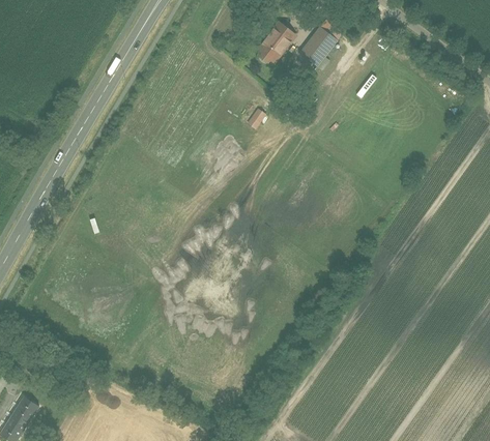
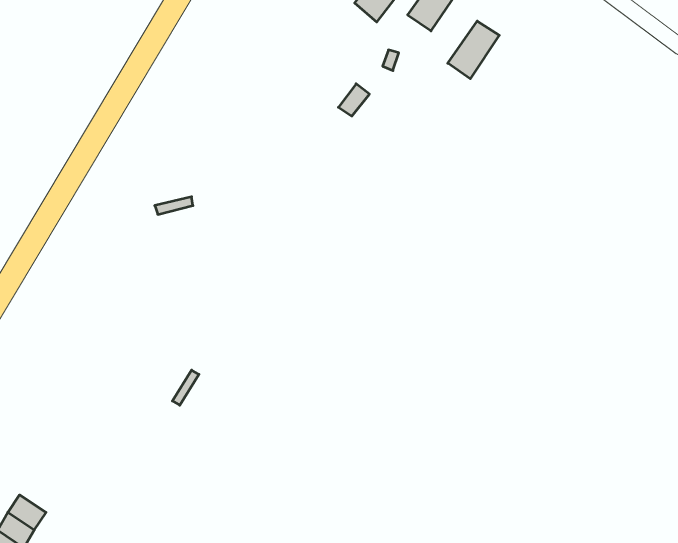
building: none -> [448,21,499,79]

